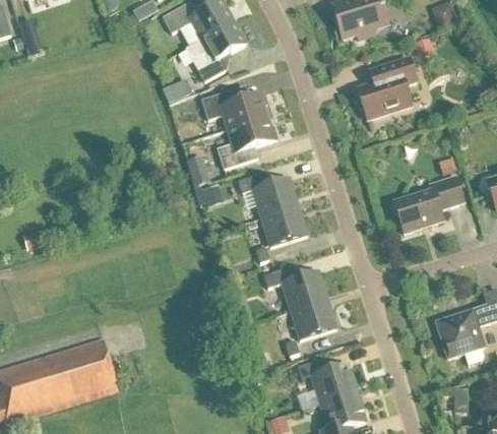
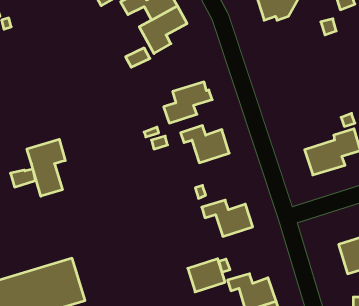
building: [358,56,417,118] -> none
building: [201,87,267,128] -> none
building: none -> [27,139,65,196]
building: [261,205,308,246] -> none
building: [291,298,337,339] -> [188,259,225,292]

